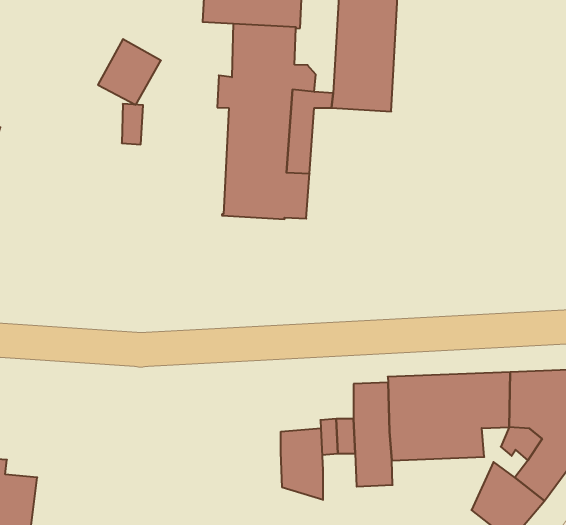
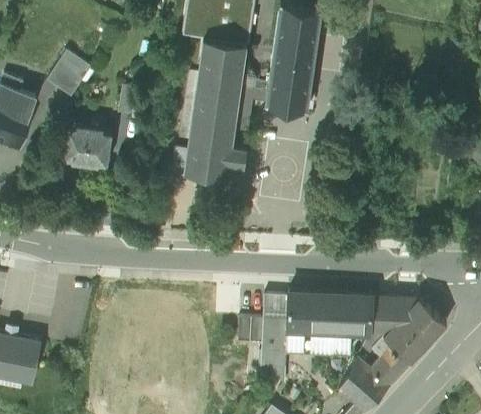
building: [98,39,161,105] -> [47,53,92,99]
building: none -> [64,127,111,168]
building: [281,428,323,500] -> none

